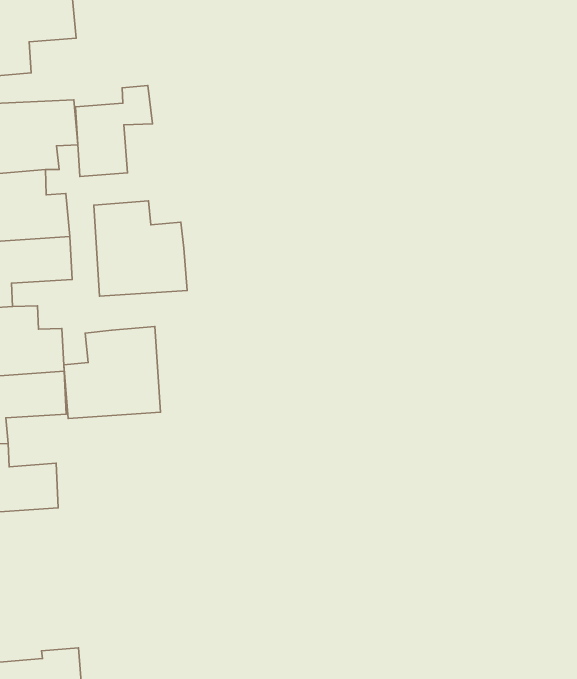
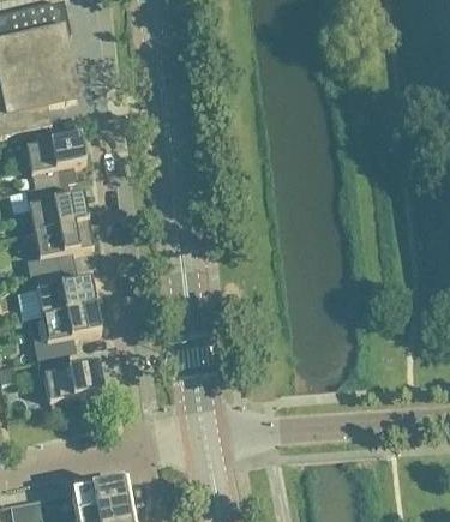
building: [75,85,152,176] -> none
building: [94,201,187,296] -> none
building: [64,327,161,418] -> none

